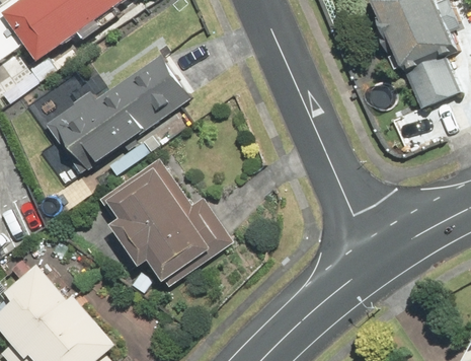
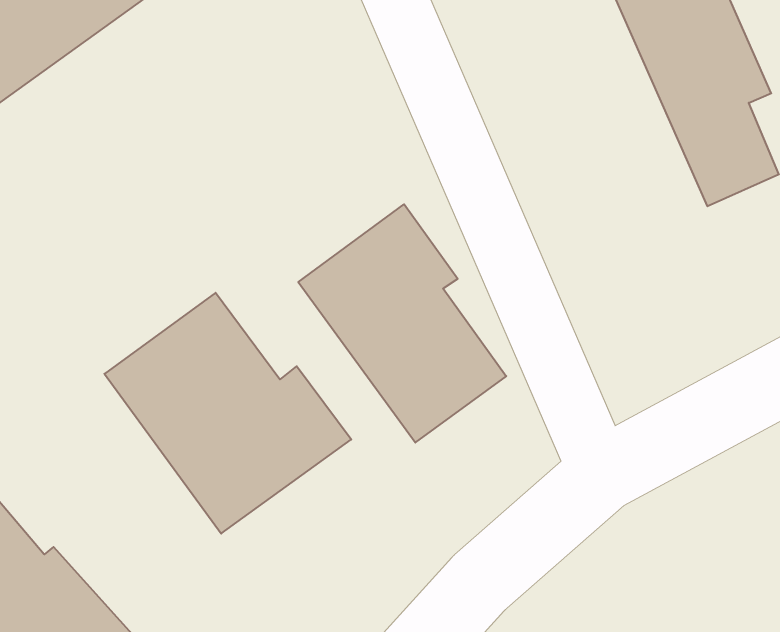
building: [48,50,189,173] -> none
building: none -> [298,204,506,443]

